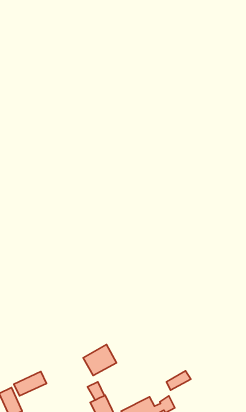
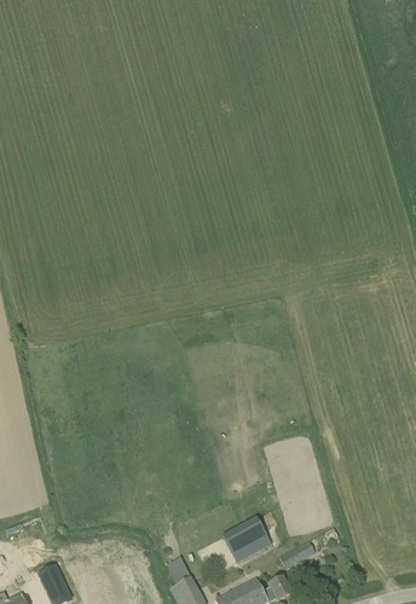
building: [83,345,117,375] -> [223,517,271,562]
building: [14,371,46,396] -> none

